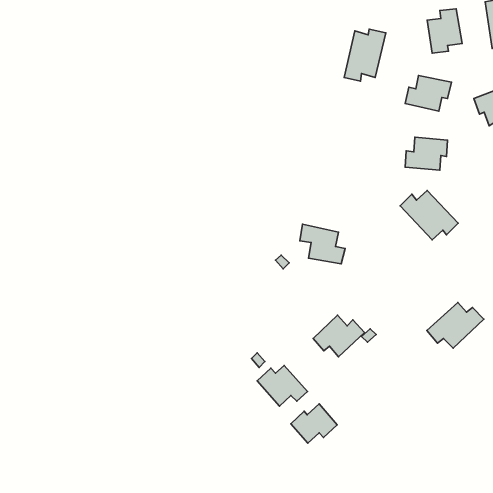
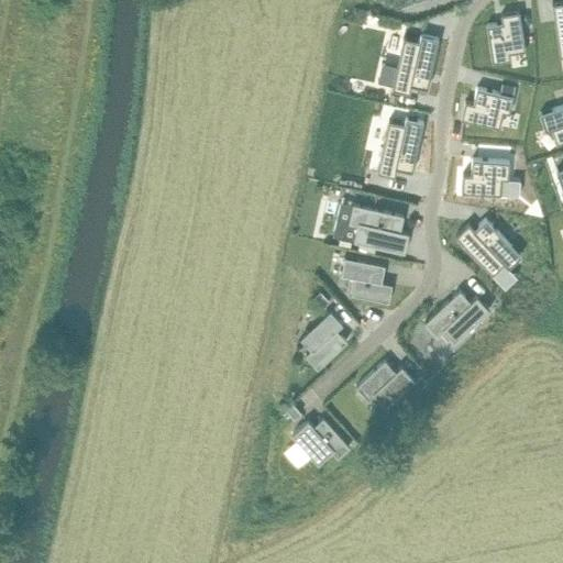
building: none -> [378,117,424,176]
building: none -> [350,203,409,252]
building: none -> [301,310,347,368]
building: [427,303,484,348] -> [426,290,490,342]
building: [291,404,337,443] -> none

